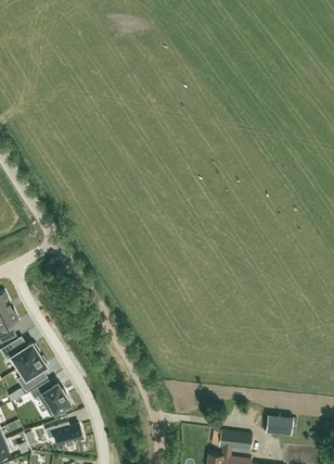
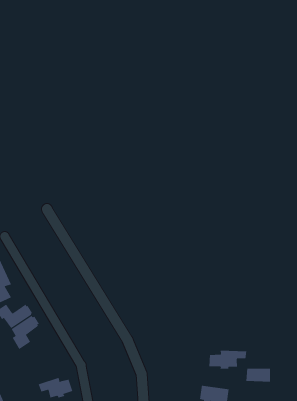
building: [29,384,69,417] -> none
building: none -> [209,350,247,370]

